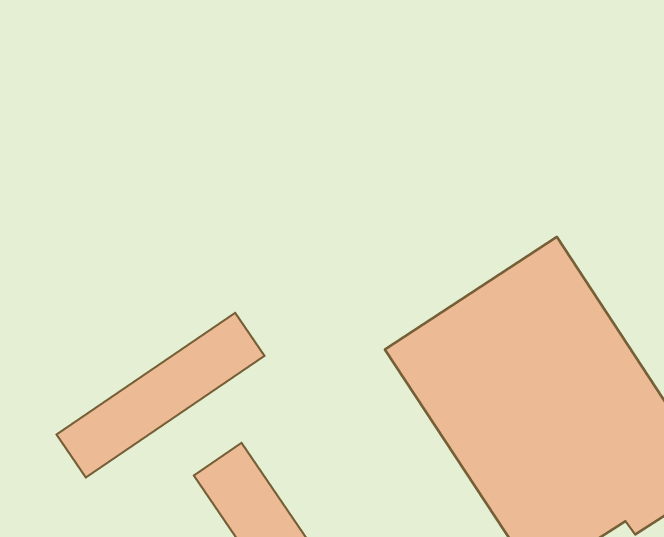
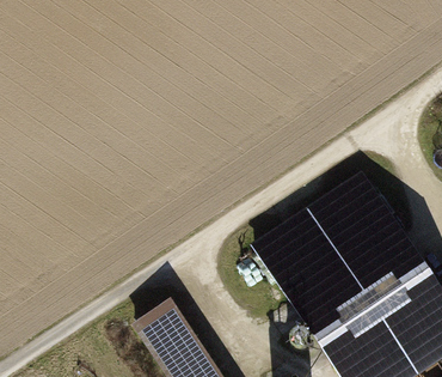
building: [56,313,265,477] -> none

